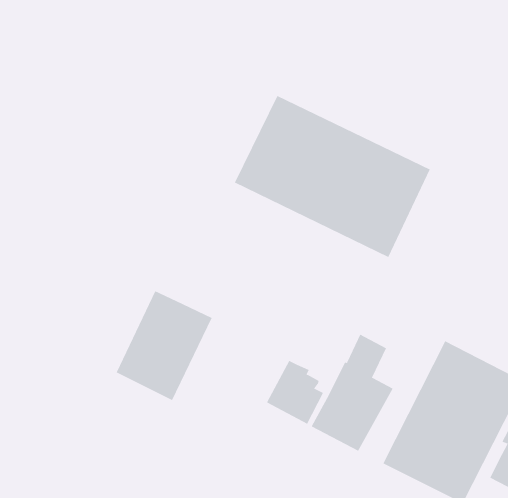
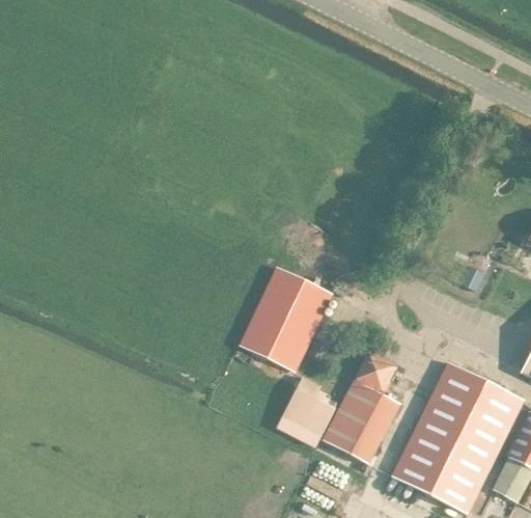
building: [234,95,431,258] -> none
building: [116,291,213,401] -> [240,267,332,372]

